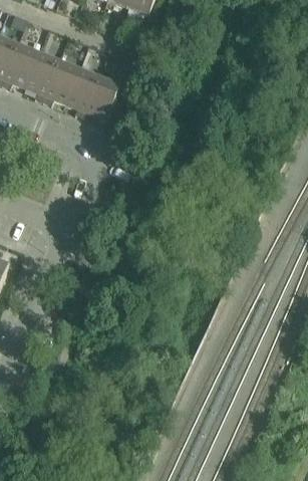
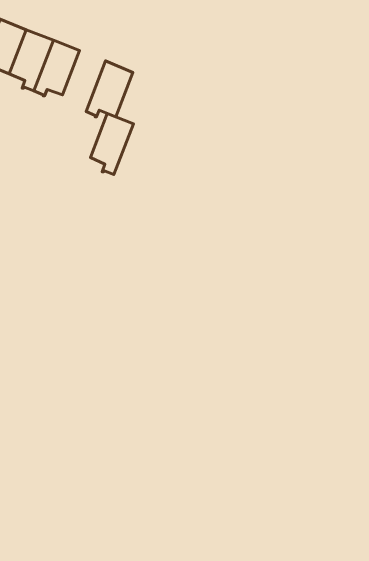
building: [65,67,98,114] -> [90,113,133,175]

